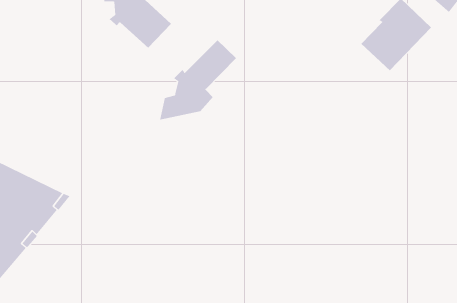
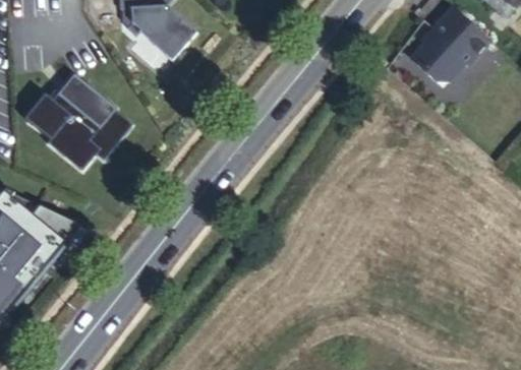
building: [160,40,237,120] -> none
building: none -> [24,71,131,163]

